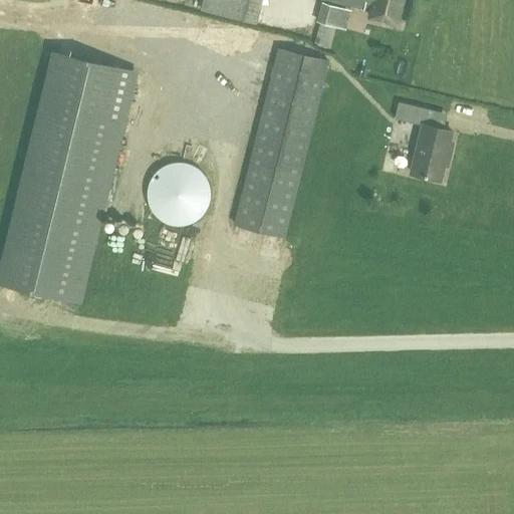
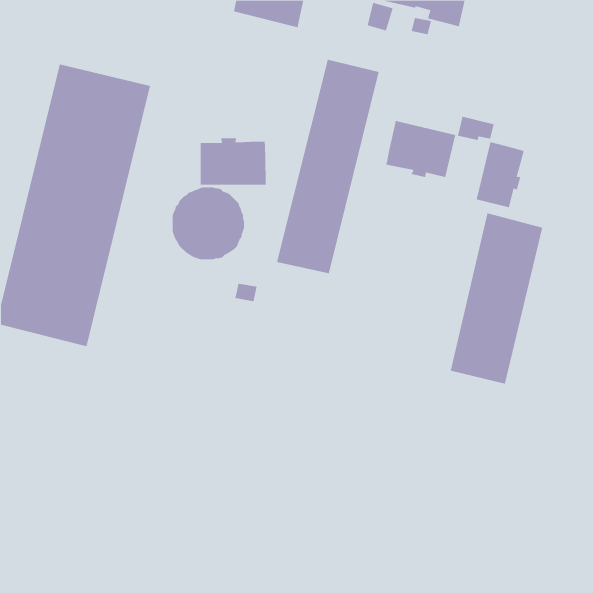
building: none -> [386,120,456,178]
building: none -> [200,138,266,185]
building: none -> [450,213,543,385]

